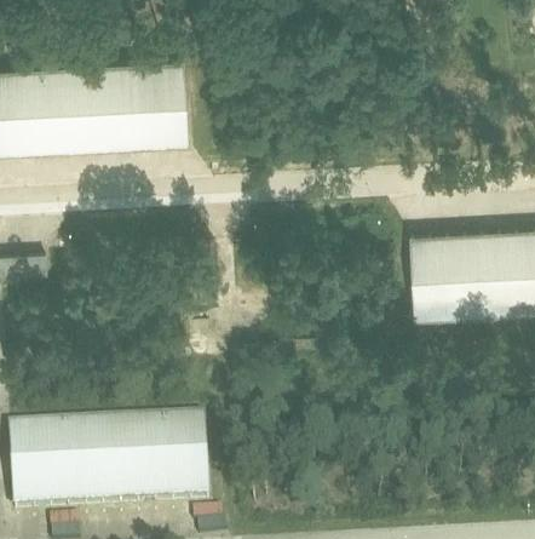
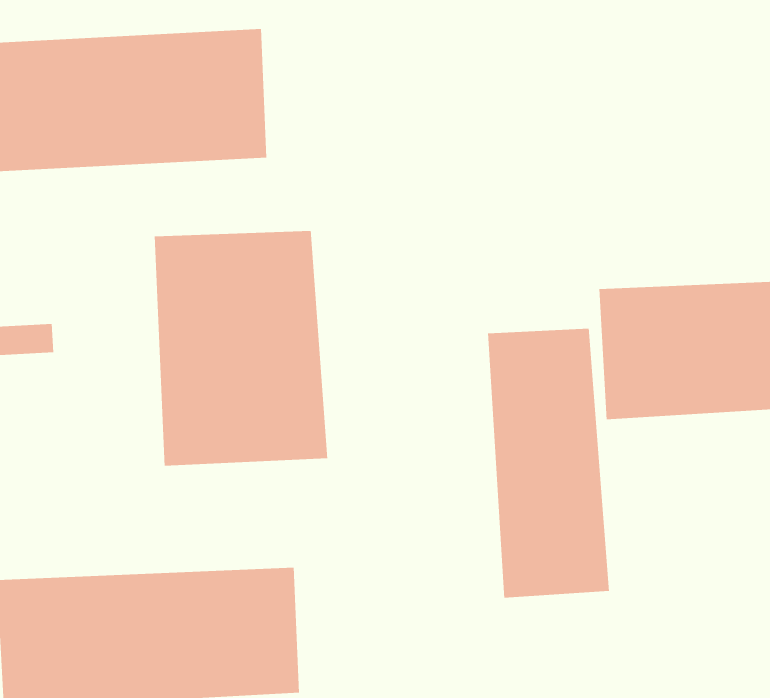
building: none -> [154,230,328,466]
building: none -> [488,328,609,599]

